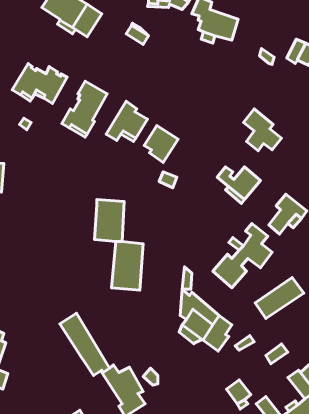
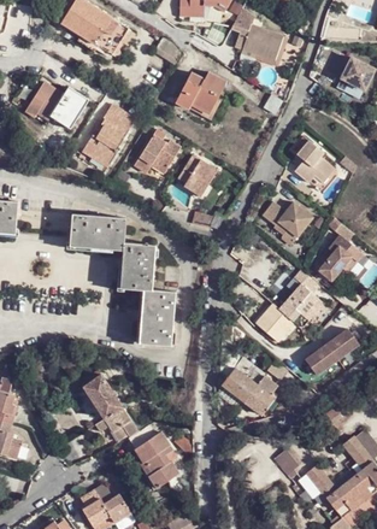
building: none -> [176,72,225,110]
building: none -> [70,212,125,246]

